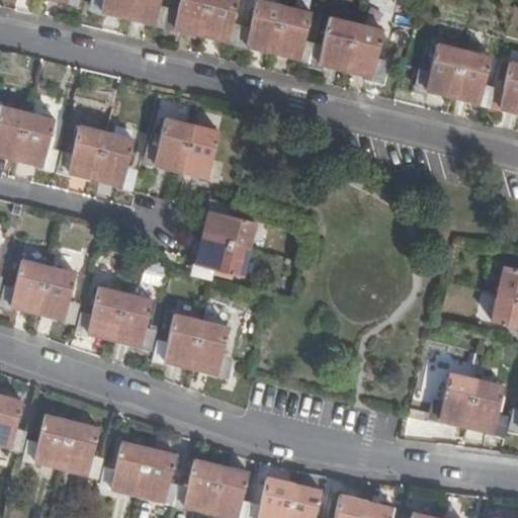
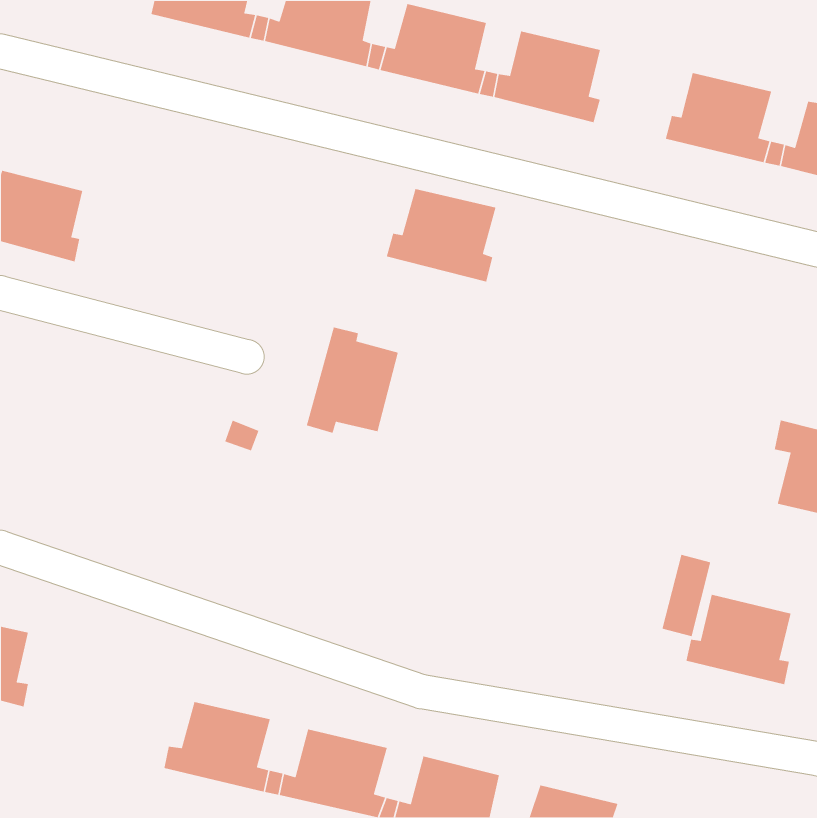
building: [148,119,218,179] -> [386,188,496,282]
building: [63,126,132,185] -> none
building: [5,261,74,320] -> none
building: [82,288,149,345] -> none
building: [158,316,228,374] -> none
building: [28,416,96,474] -> none

